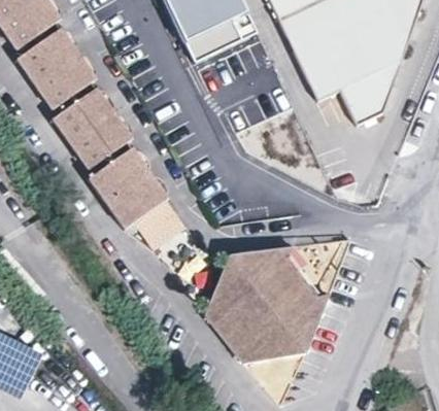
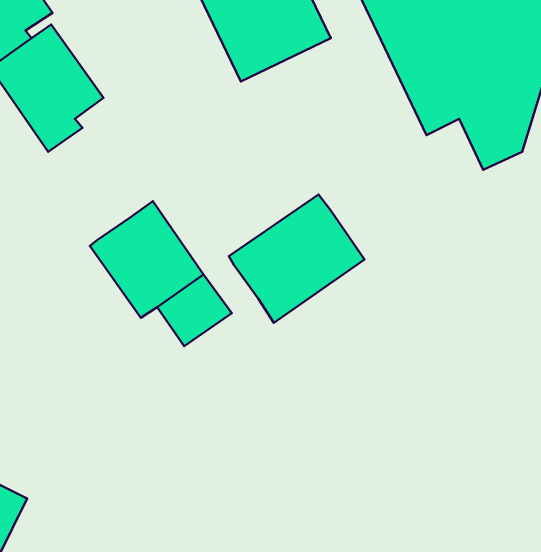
building: [50,84,129,171] -> none
building: none -> [229,194,365,323]
building: [211,259,331,367] -> none

